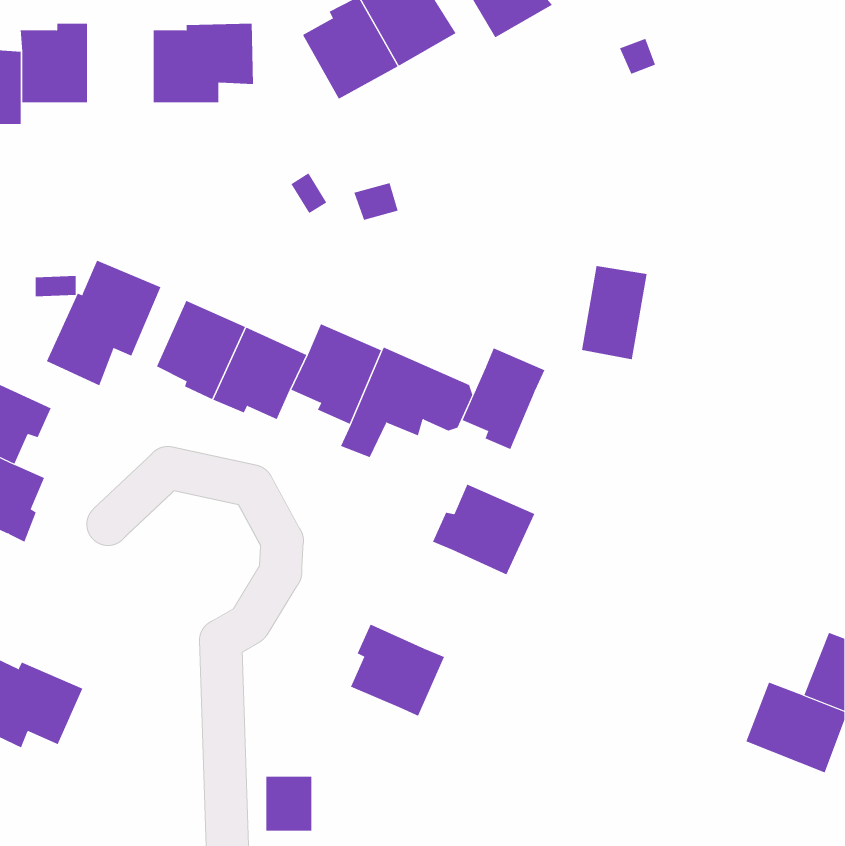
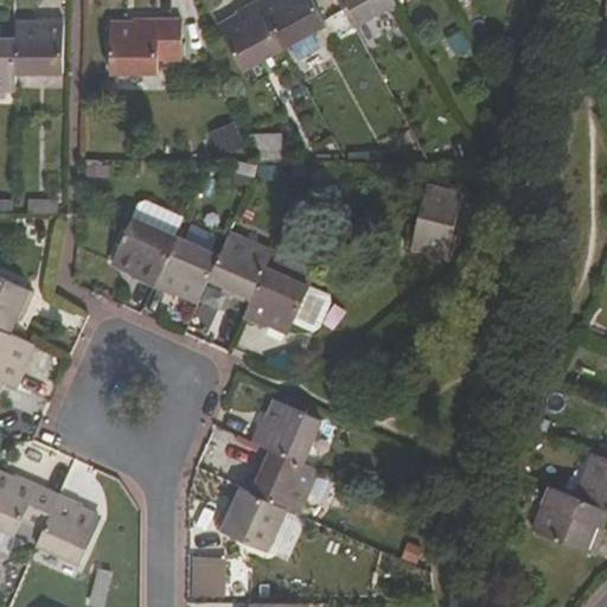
building: [46,260,161,386] -> none
building: [462,348,545,450] -> none
building: [432,484,535,575] -> [250,398,324,464]
building: none -> [215,486,286,550]
building: none -> [36,492,102,563]

